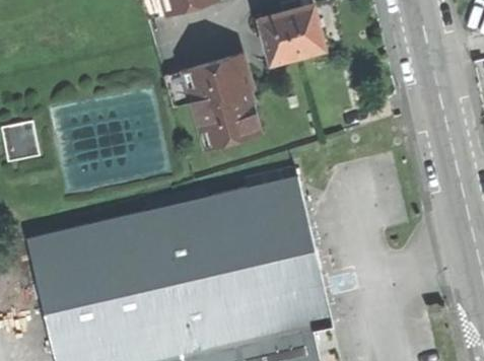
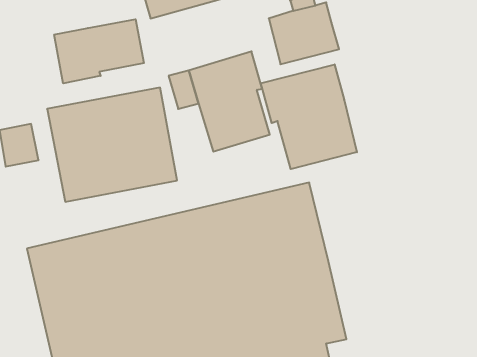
building: none -> [54,19,144,83]
building: none -> [261,64,357,169]

